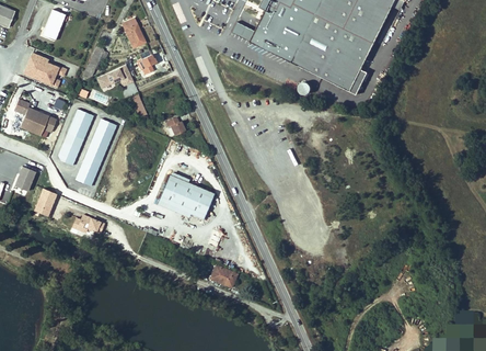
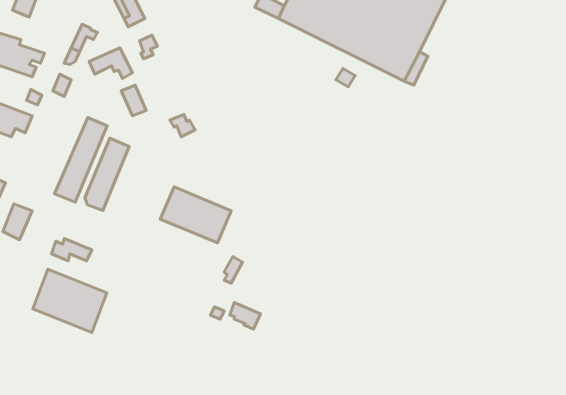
building: [58,109,93,166] -> [85,138,129,211]
building: none -> [33,269,107,332]

